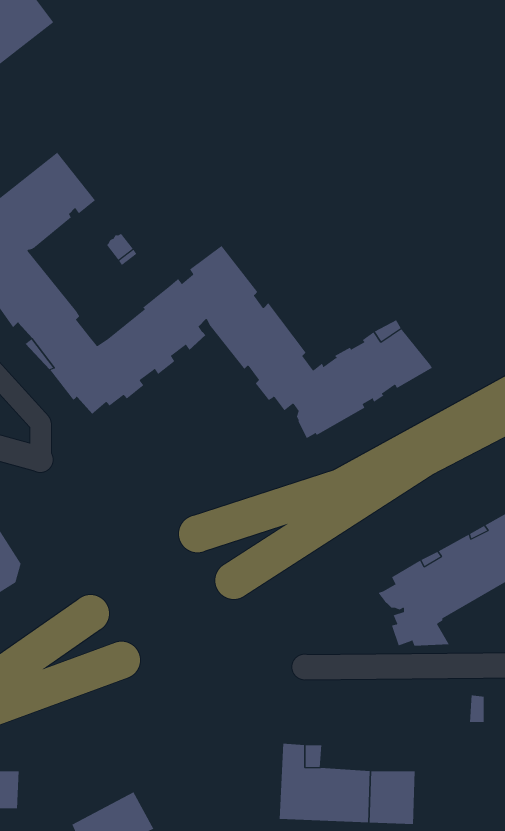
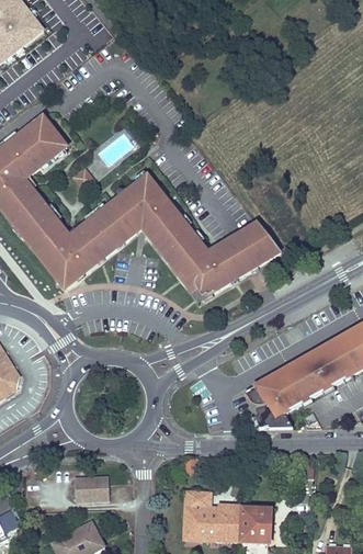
building: none -> [75,473,109,498]

